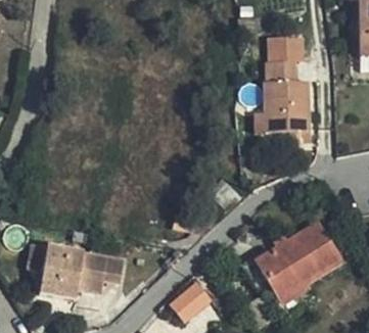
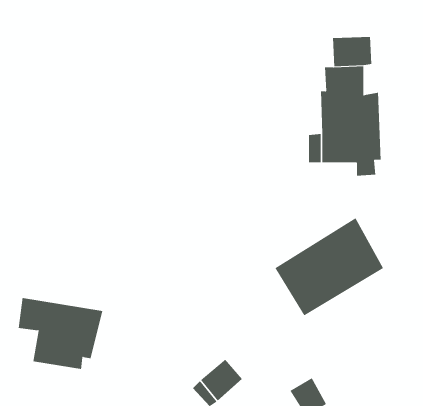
building: [251,228,335,303] -> [275,217,384,316]
building: [87,250,128,289] -> none

